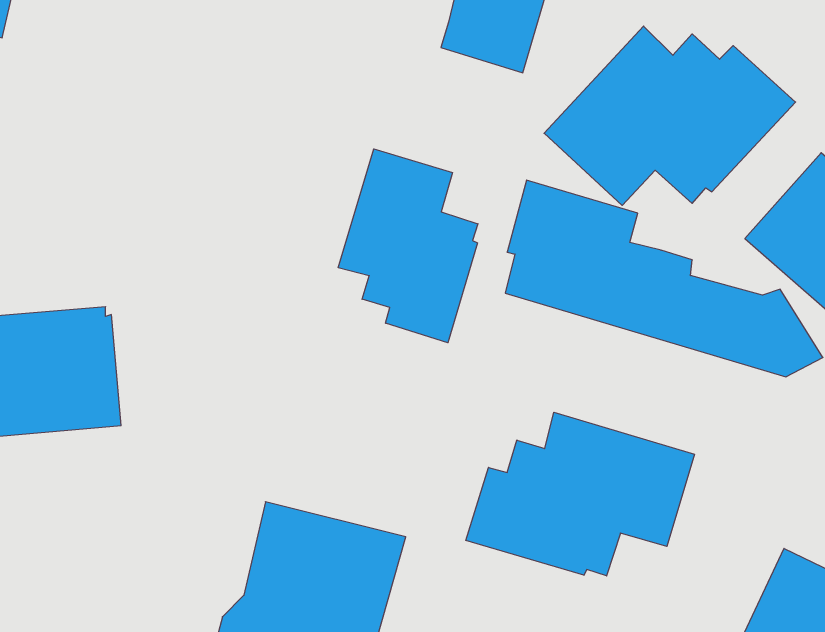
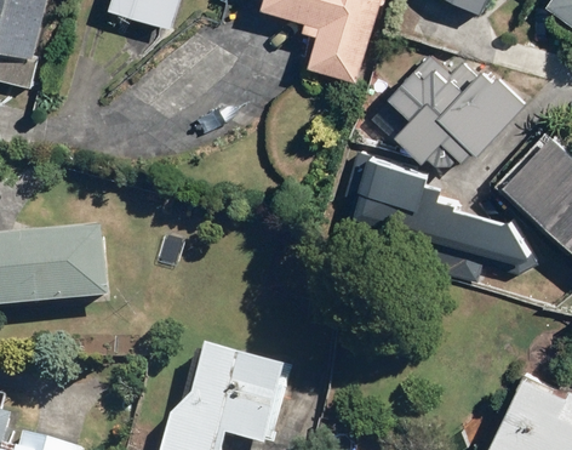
building: [338,149,478,343] -> none
building: [466,412,695,576] -> none

